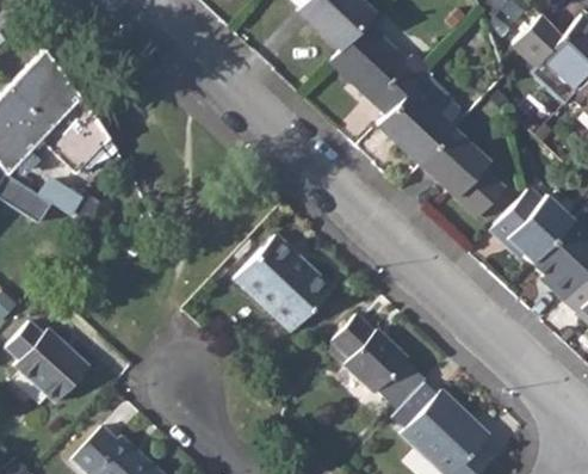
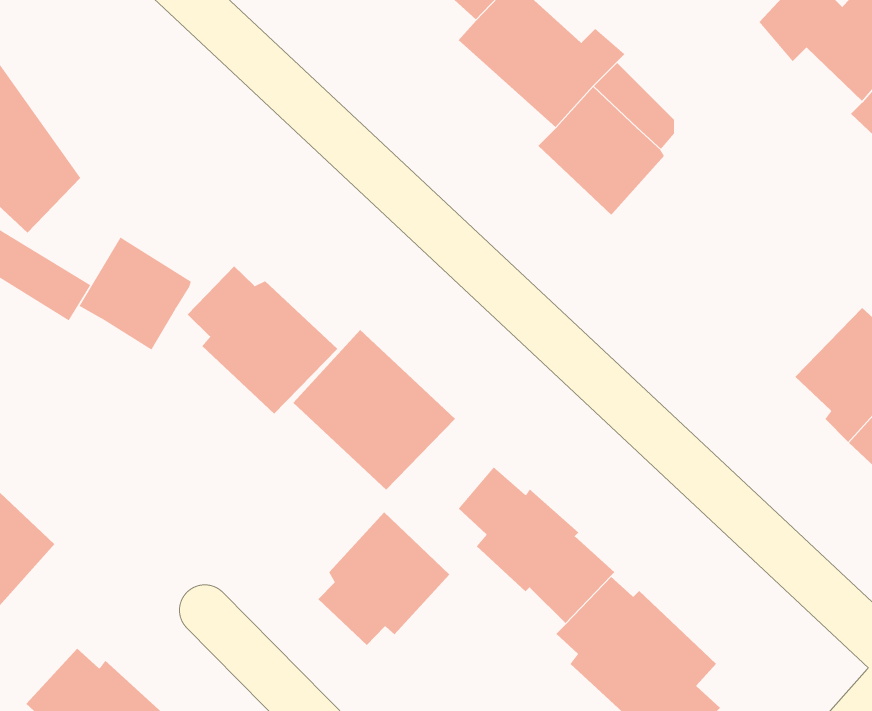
building: [425,130,508,220] -> none
building: none -> [79,237,191,350]
building: [491,190,575,263] -> none
building: none -> [187,265,338,414]
building: none -> [318,512,450,646]

